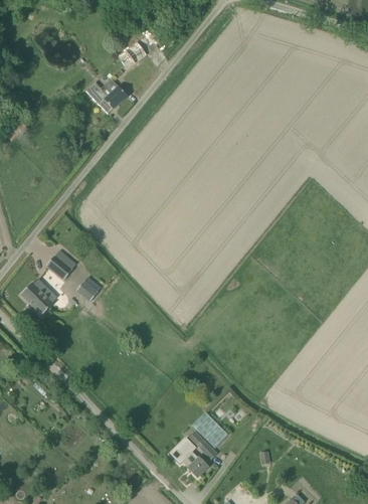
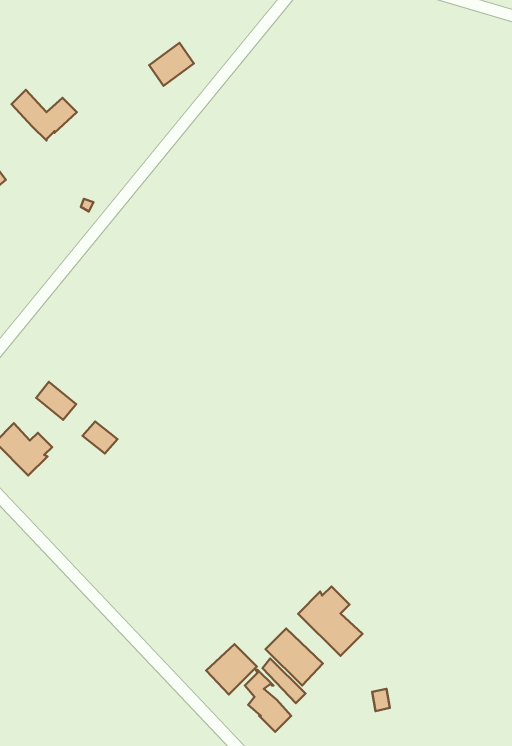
building: [85,81,127,114] -> [11,90,77,141]
building: none -> [298,586,362,656]
building: none -> [206,644,257,694]

